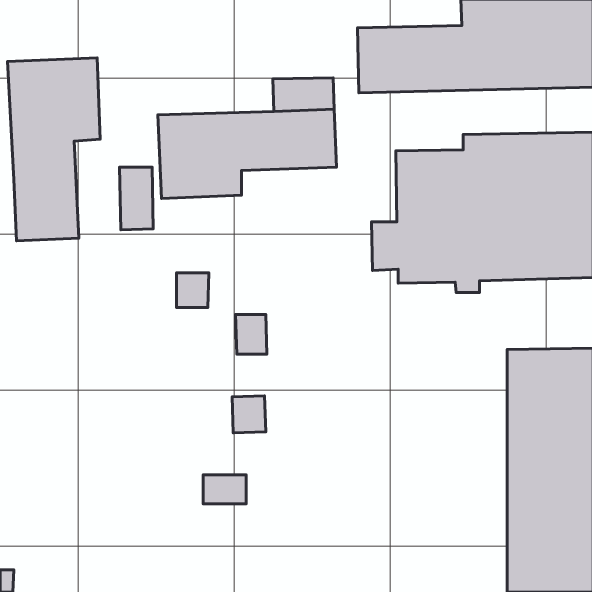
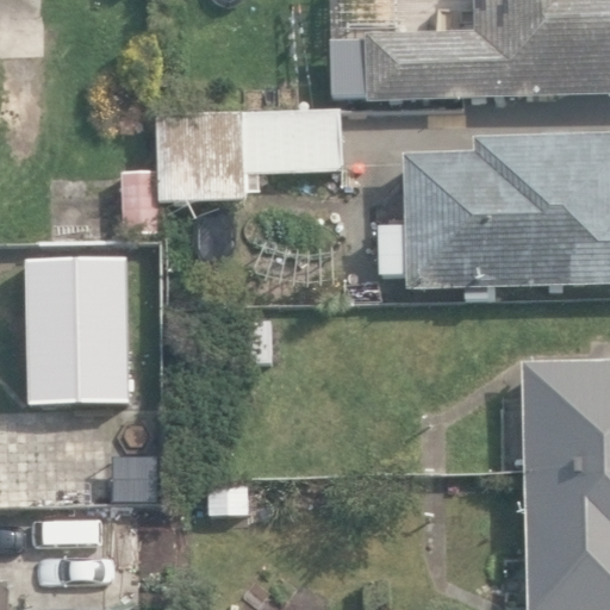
building: [7,58,100,241] -> none
building: none -> [24,254,127,398]

